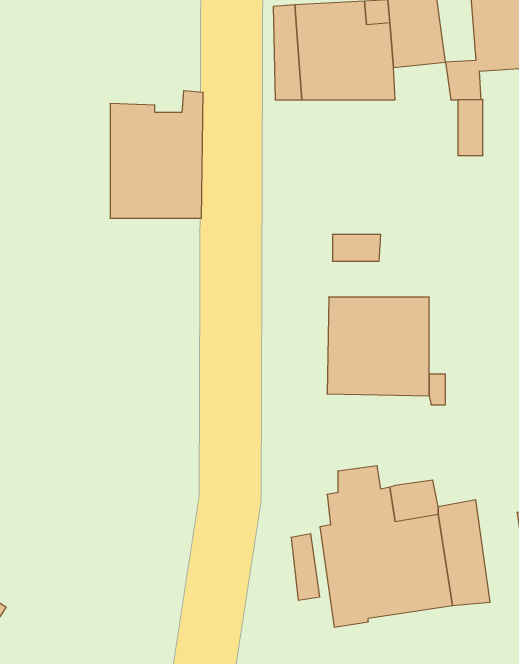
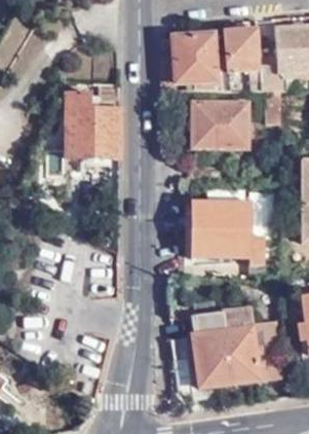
building: none -> [191,99,249,146]

